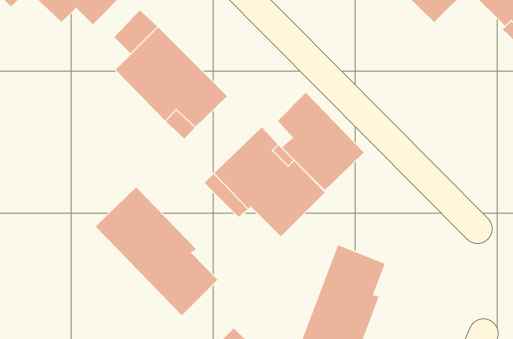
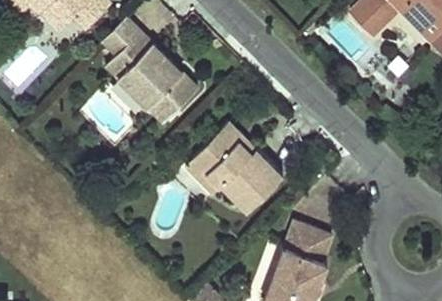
building: [277,92,365,191] -> none
building: [95,187,218,316] -> none

